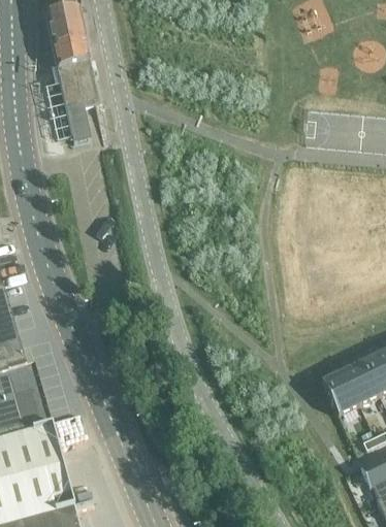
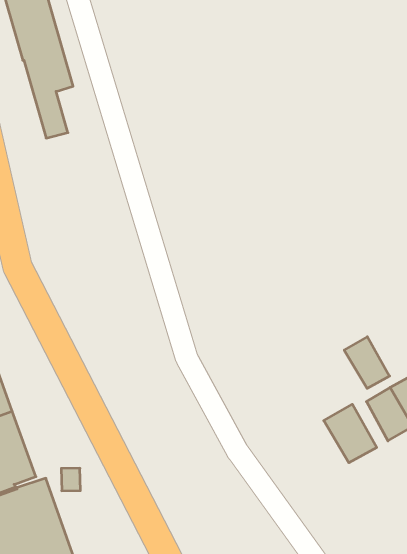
building: none -> [344,337,390,388]
building: none -> [324,404,377,463]

